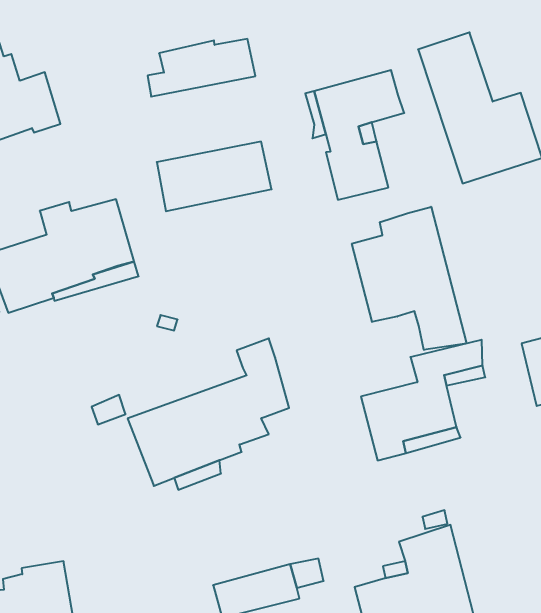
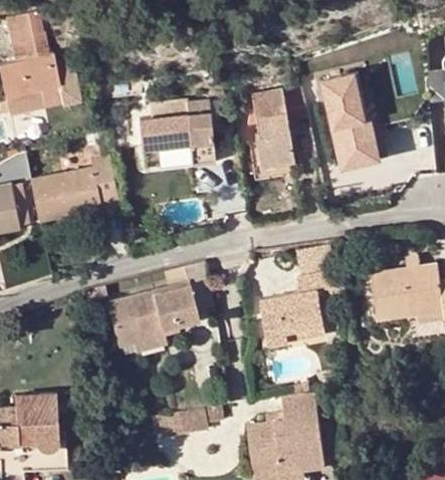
building: [148,39,255,97] -> [140,101,211,135]
building: [352,207,467,350] -> none

